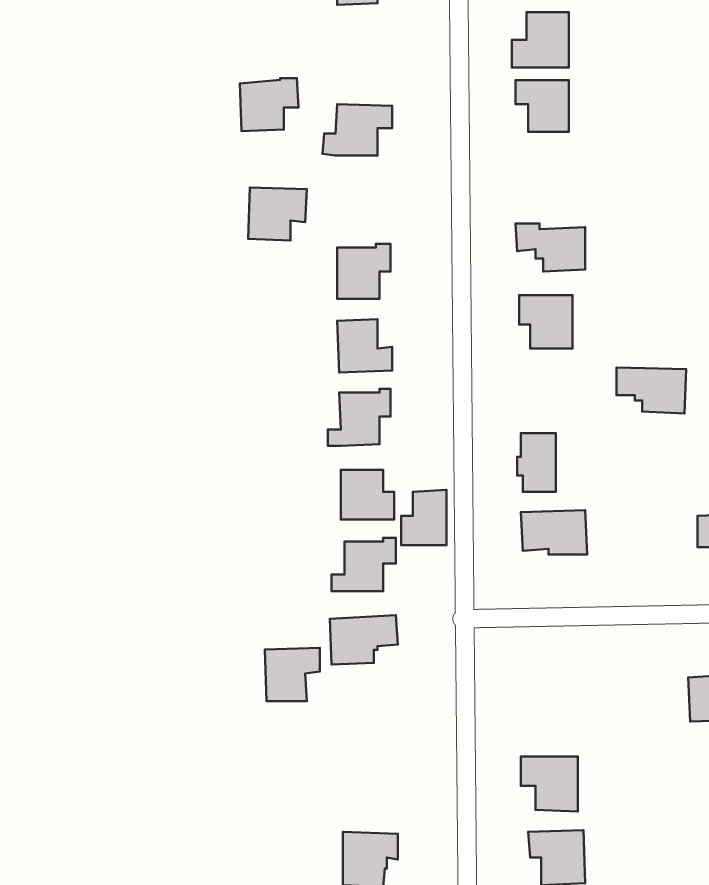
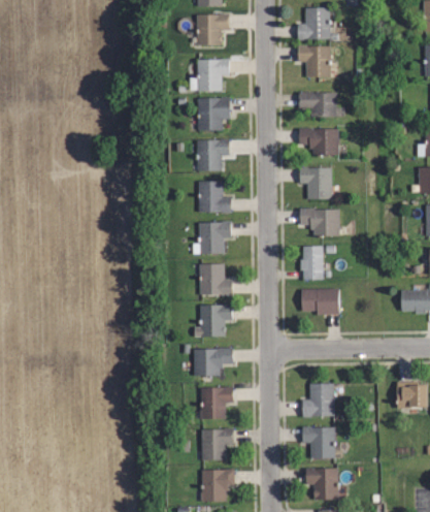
building: [240,78,299,131] -> [197,13,230,43]
building: none -> [299,95,335,122]
building: [248,187,307,241] -> [198,99,231,129]
building: [616,367,686,413] -> [300,210,339,235]
building: [401,490,447,545] -> none
building: [265,648,320,701] -> [202,387,233,417]
building: none -> [303,384,335,416]
building: none -> [202,428,233,459]

